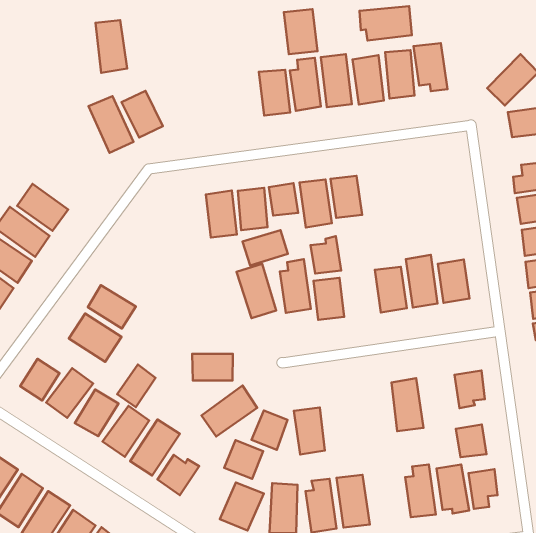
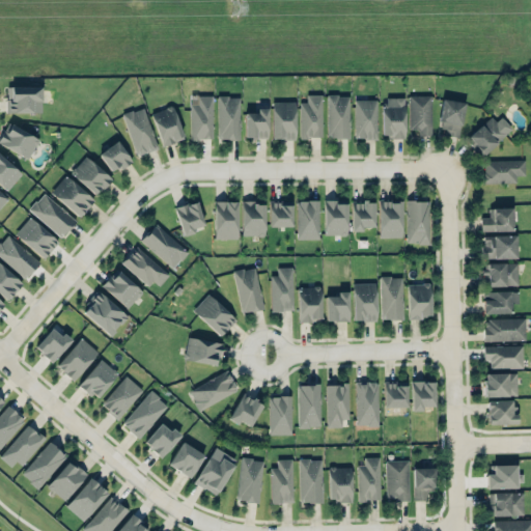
building: [359,6,412,40] -> none
building: [284,9,318,54] -> none
building: [95,20,127,73] -> [192,96,215,140]
building: none -> [442,101,466,138]
building: none -> [219,97,241,140]
building: none -> [246,109,269,139]
building: none -> [101,141,134,172]
building: none -> [72,157,112,196]
building: none -> [408,201,431,245]
building: none -> [380,201,403,239]
building: none -> [353,201,375,231]
building: none -> [176,201,205,236]
building: none -> [142,224,190,269]
building: [243,230,288,266] -> none
building: [310,236,341,274] -> [327,291,351,322]
building: none -> [123,247,170,286]
building: none -> [194,295,237,337]
building: [117,364,156,407] -> none
building: none -> [328,384,351,427]
building: none -> [300,385,322,428]
building: [456,425,487,457] -> [385,382,409,408]
building: [224,440,263,479] -> [170,443,205,478]
building: none -> [330,468,353,502]

